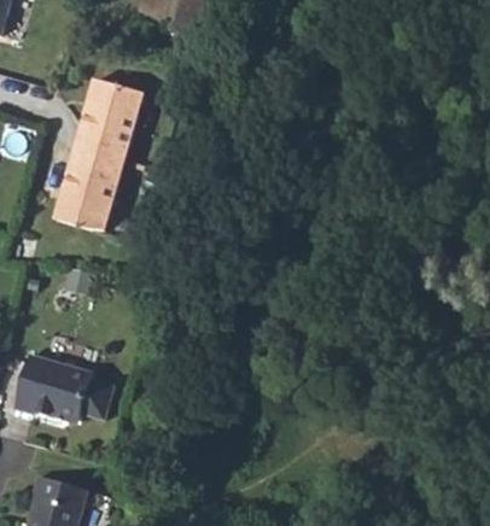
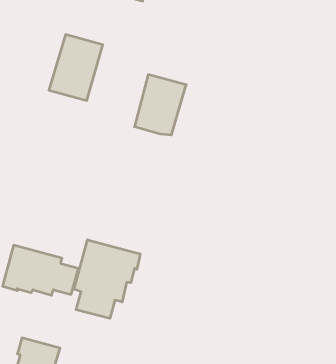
building: [56,153,123,232] -> [134,75,186,135]
building: none -> [74,240,140,318]

